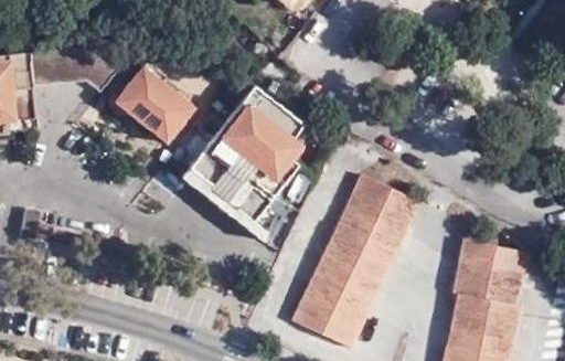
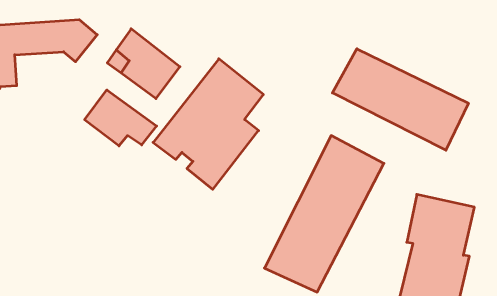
building: none -> [332,49,468,150]
building: none -> [85,90,157,146]

